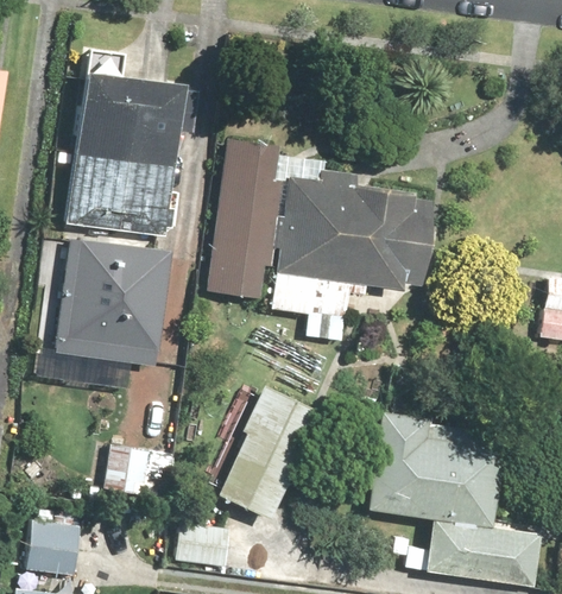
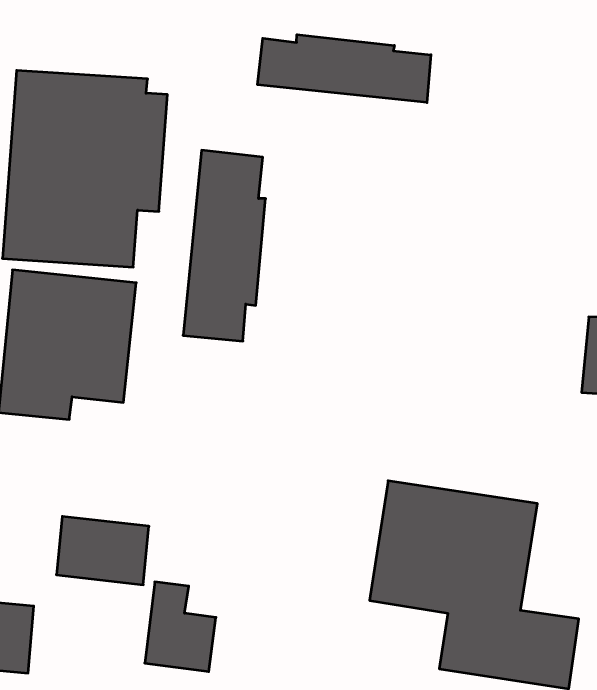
building: none -> [258,35,431,103]
building: [282,172,431,345] -> none
building: [209,381,328,524] -> none

